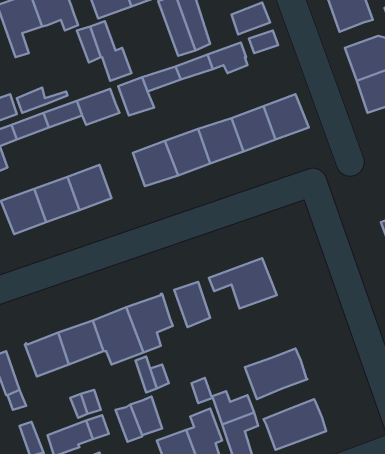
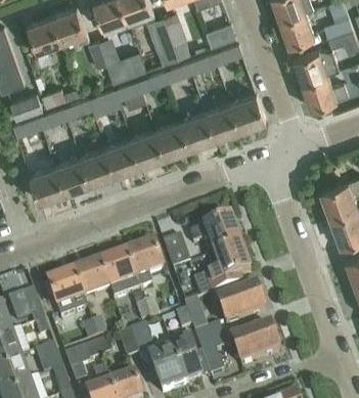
building: none -> [104,137,139,172]
building: none -> [193,247,250,299]

